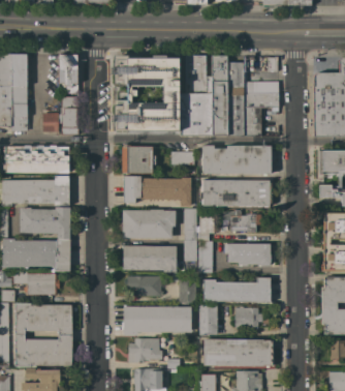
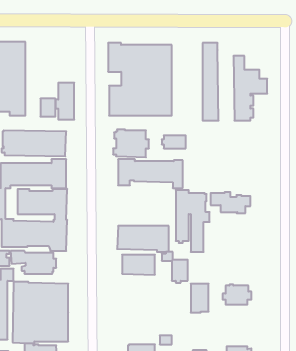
building: [59,54,79,93] -> none
building: [181,55,212,136] -> none
building: [227,62,245,136] -> none
building: [203,145,273,174] -> none
building: [201,179,272,207] -> none
building: [123,208,176,238] -> none
building: [224,243,272,265] -> none
building: [203,277,271,302] -> none
building: [122,306,192,334] -> none
building: [128,338,163,362] -> none
building: [203,339,274,366] -> none

